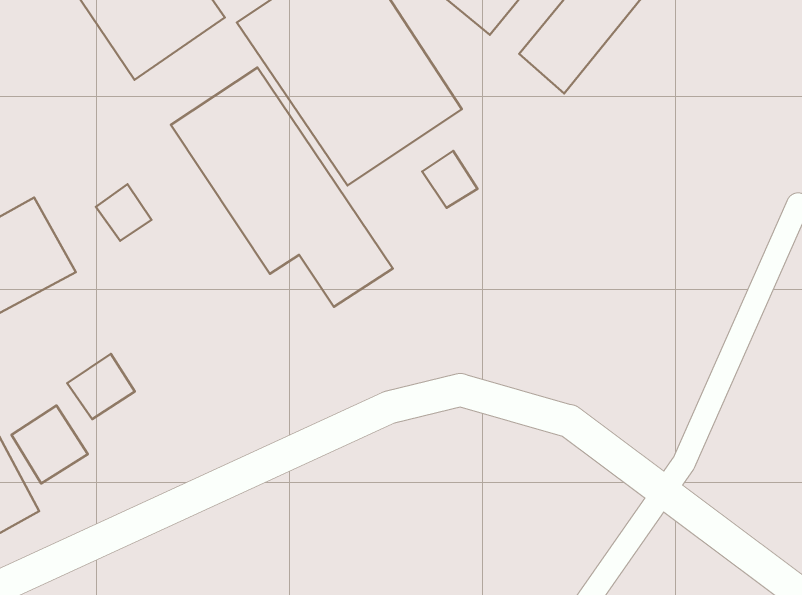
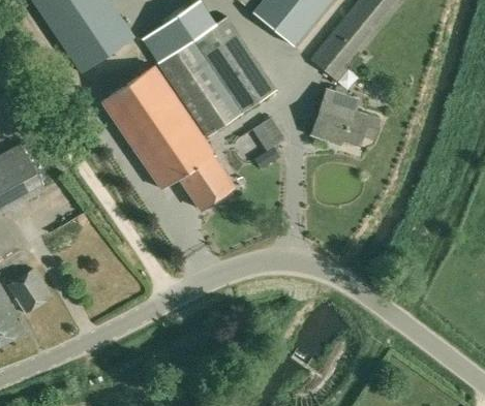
building: none -> [312,89,380,145]
building: [96,184,151,241] -> none
building: [67,354,135,419] -> none

